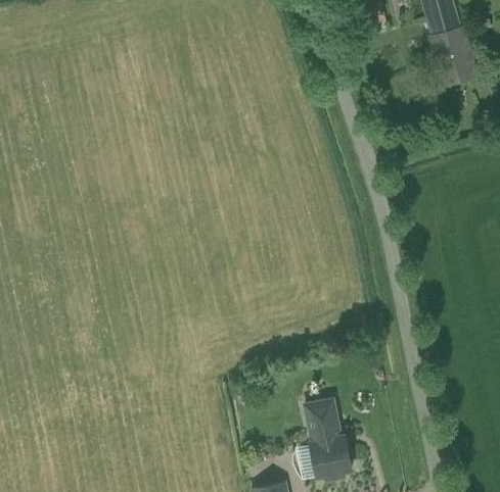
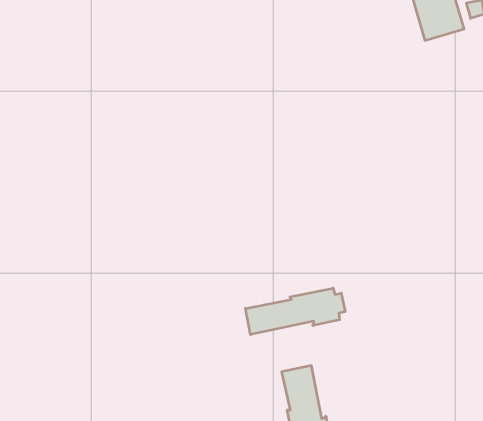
building: none -> [245,288,345,335]

